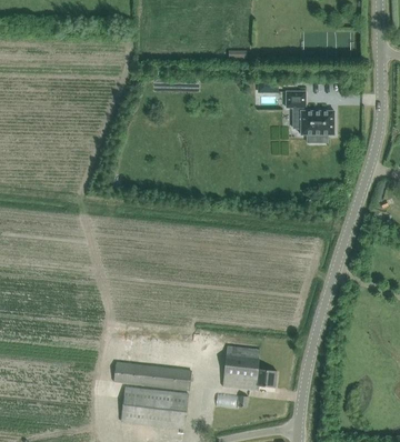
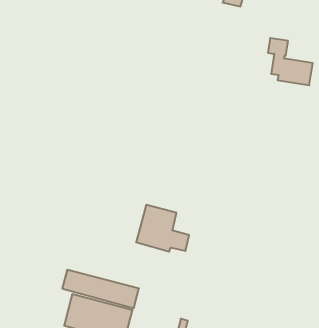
building: [223,346,277,391] -> [136,205,189,252]

